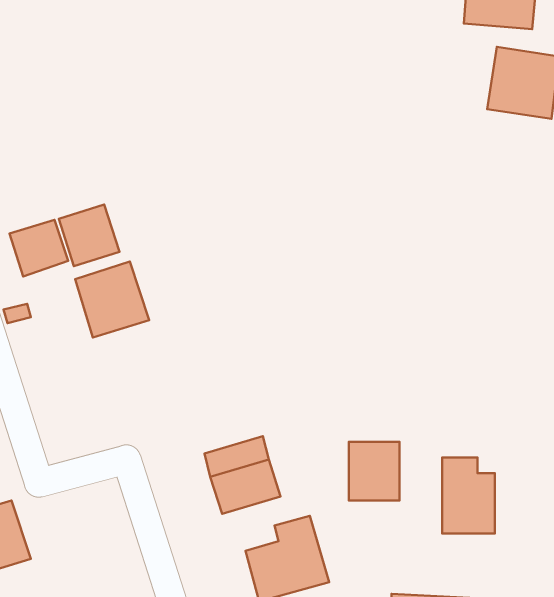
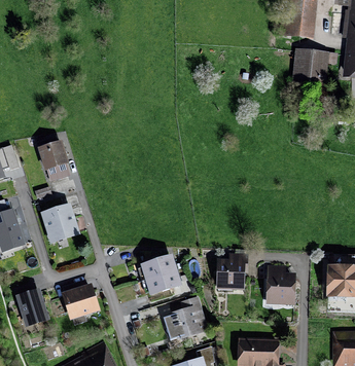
building: [59,204,119,266] -> none
building: [75,262,149,338] -> [41,204,80,244]
building: none -> [62,284,101,322]

